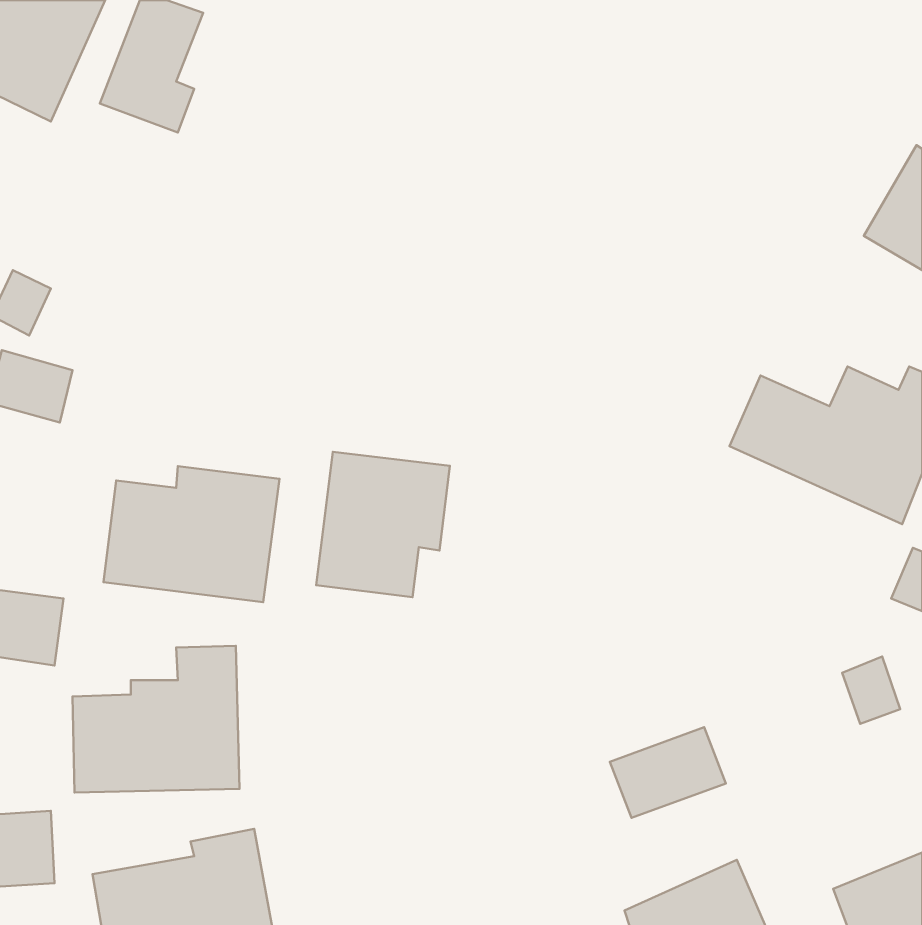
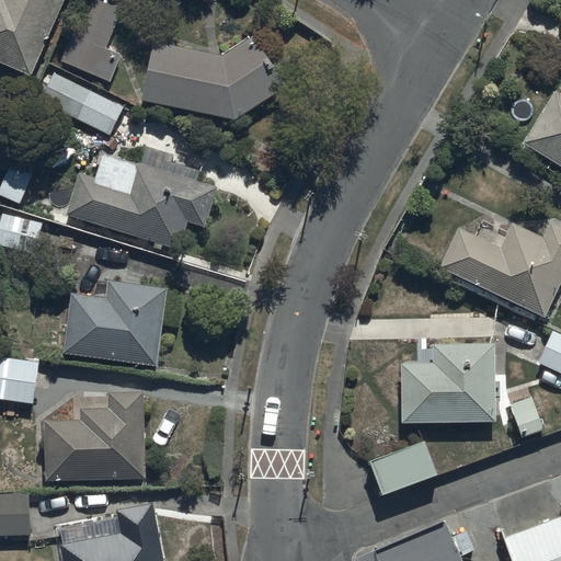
building: none -> [140,37,285,121]
building: none -> [37,70,124,136]
building: none -> [67,157,215,249]
building: [316,452,450,597] -> none
building: none -> [403,344,497,423]

